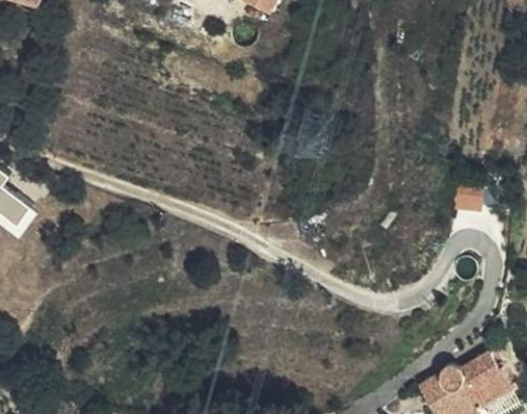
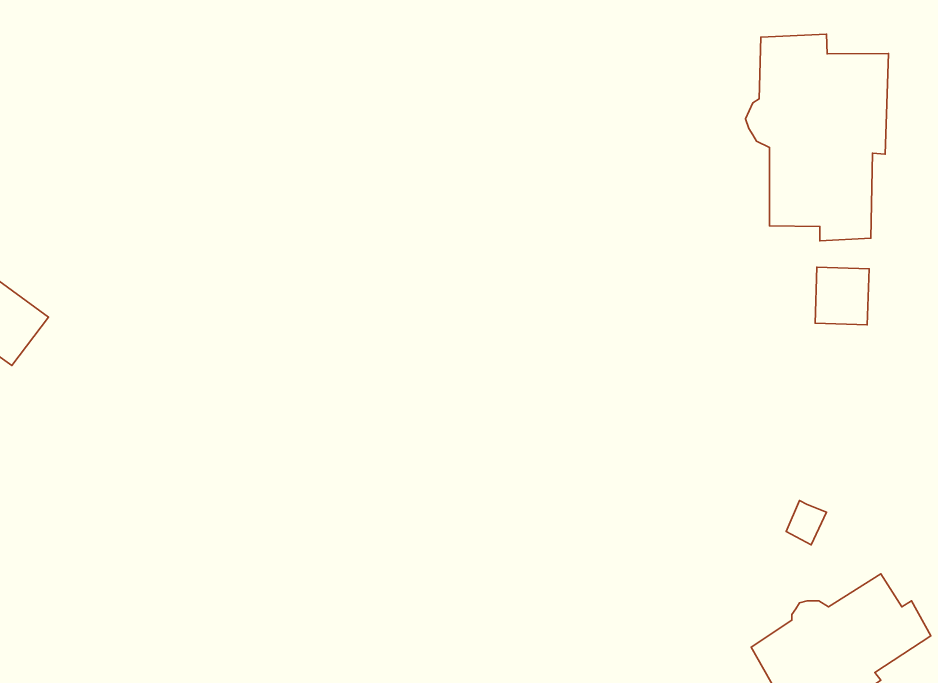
building: none -> [746,34,888,241]

